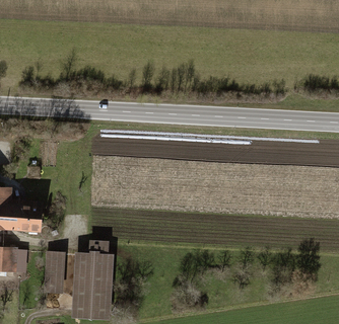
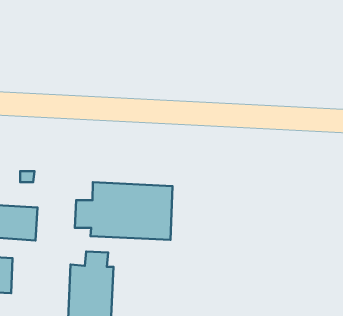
building: none -> [75,182,173,240]
building: [43,250,64,294] -> none

